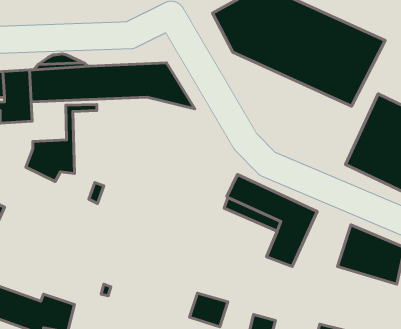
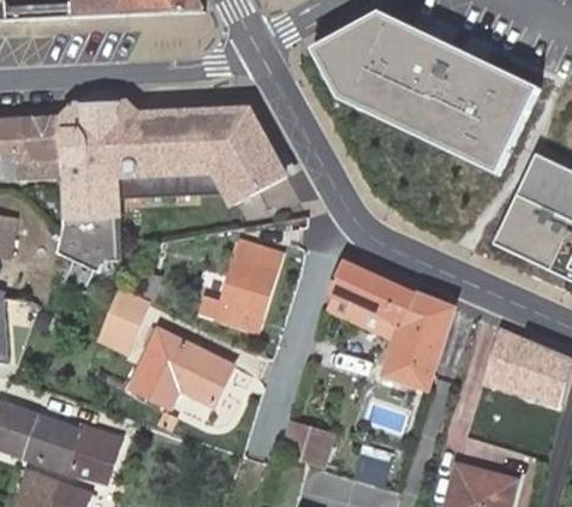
building: none -> [64,156,286,216]
building: none -> [201,241,281,329]
building: none -> [96,288,147,348]
building: none -> [130,330,231,405]

